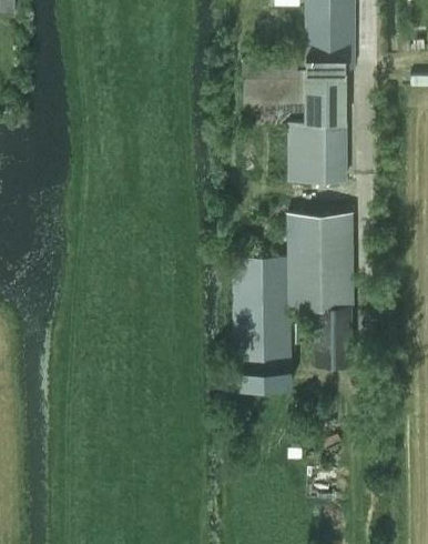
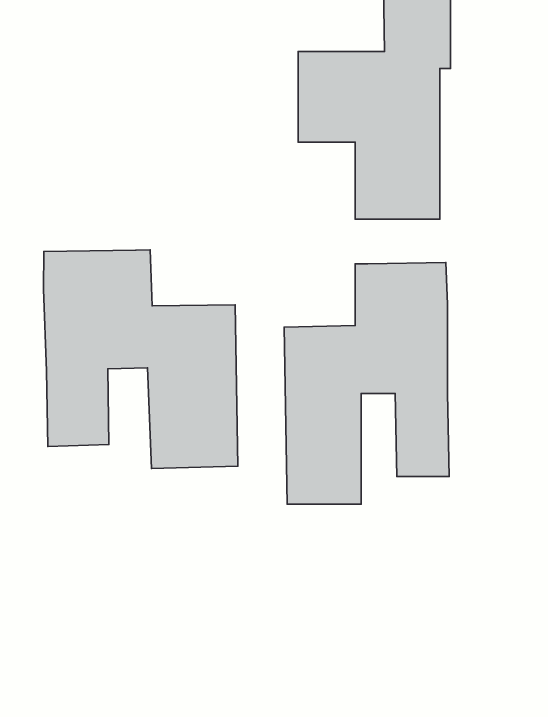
building: none -> [43,250,238,469]

